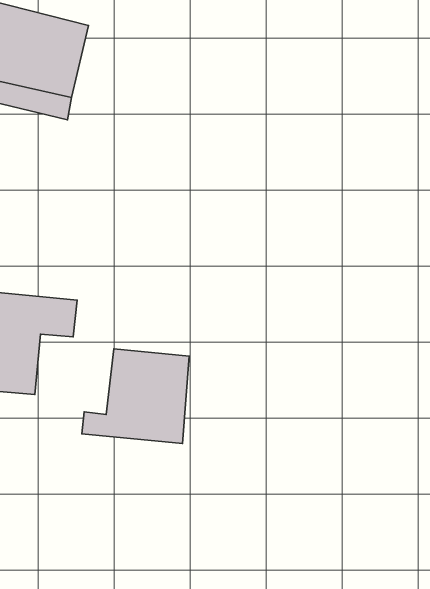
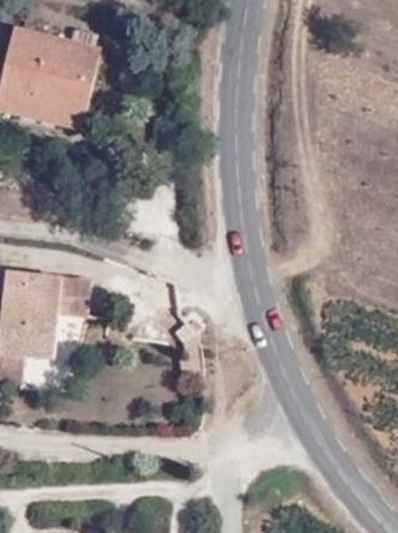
building: [82,349,189,444] -> none

